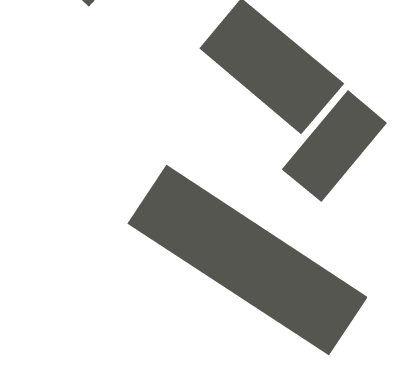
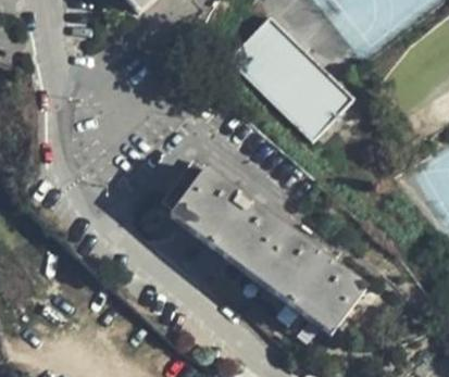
building: [280,89,388,203] -> none

